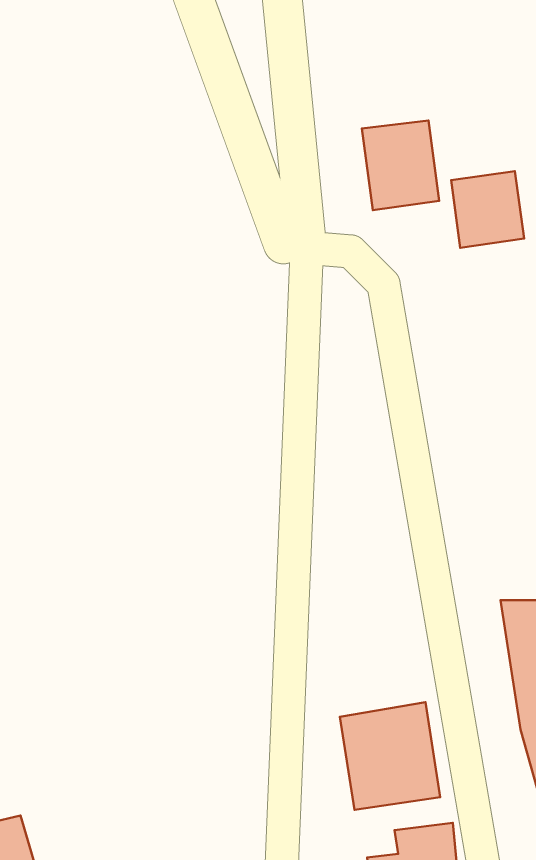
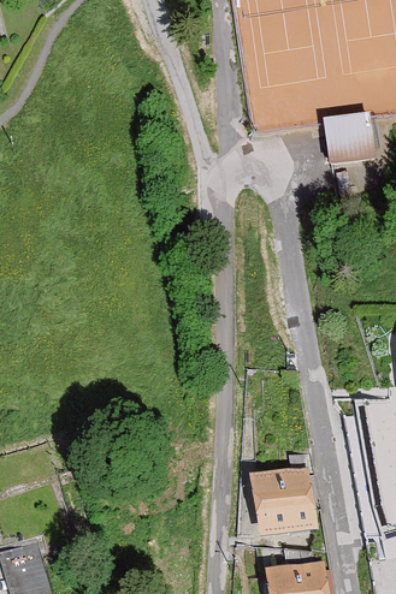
building: [362,121,439,210] -> none

